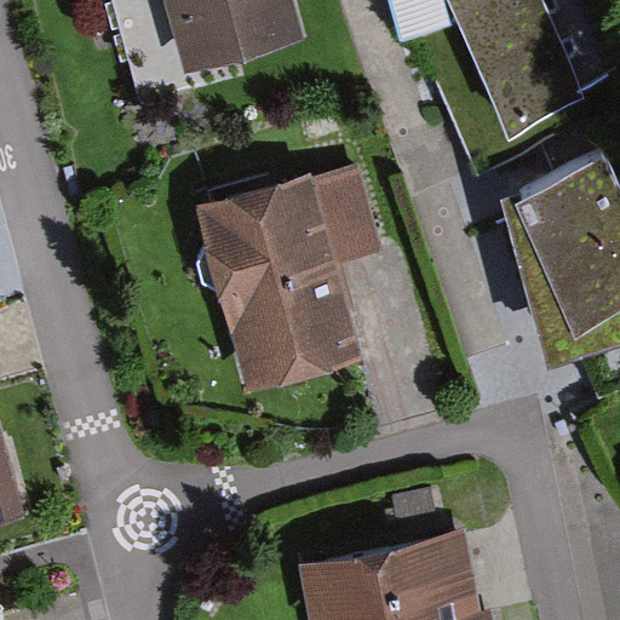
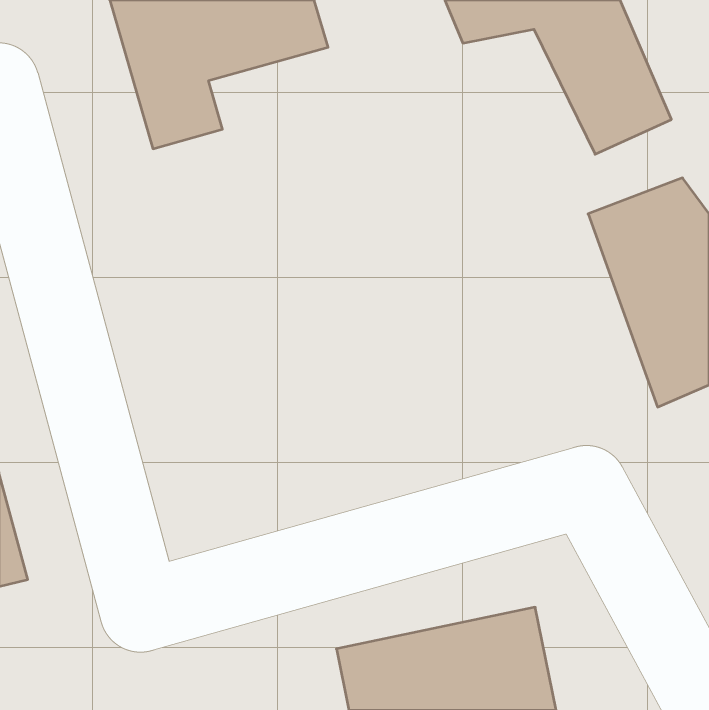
building: [189,160,390,408] -> none

